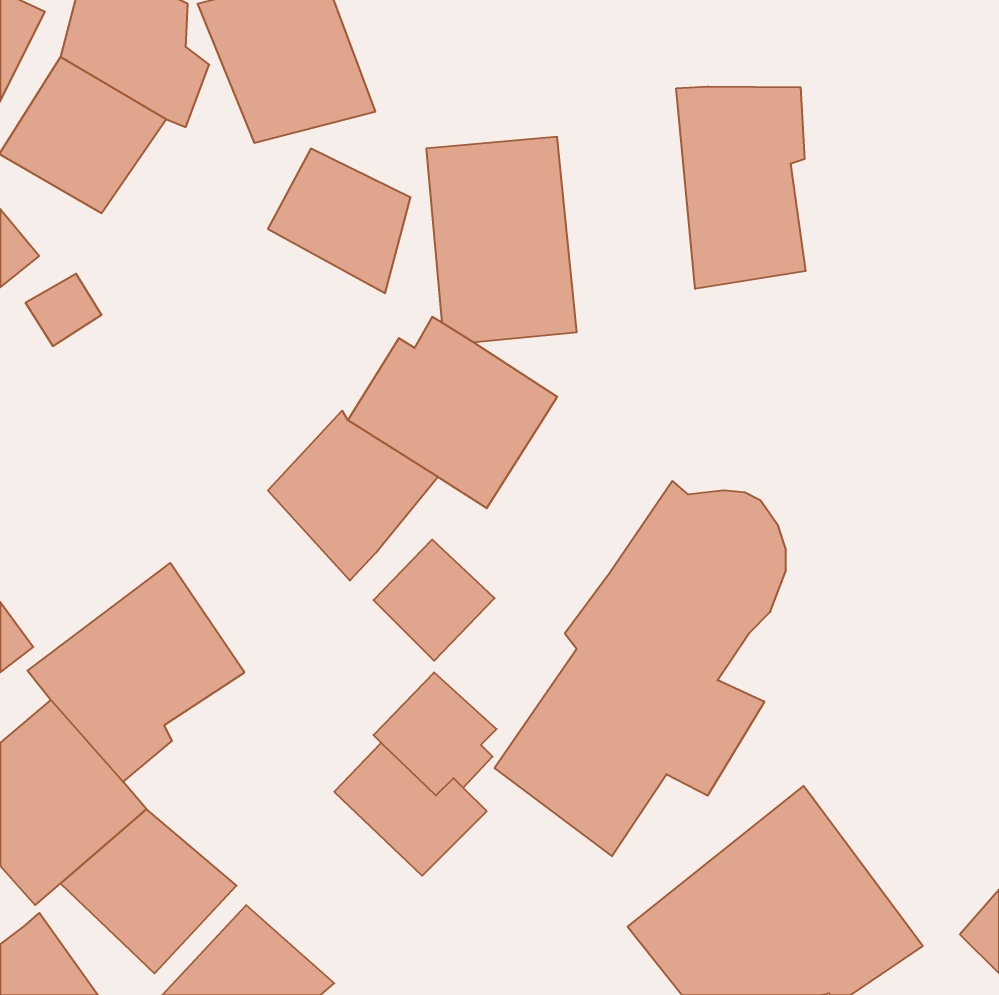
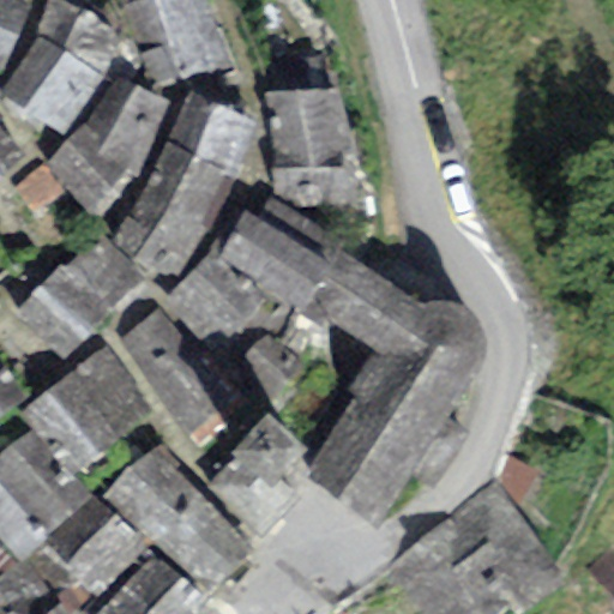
building: [676,86,806,289] -> none
building: none -> [43,78,169,219]
building: none -> [112,140,236,277]
building: none -> [13,239,143,360]
building: none -> [299,249,413,351]
building: none -> [118,309,234,435]
building: none -> [102,443,255,602]

